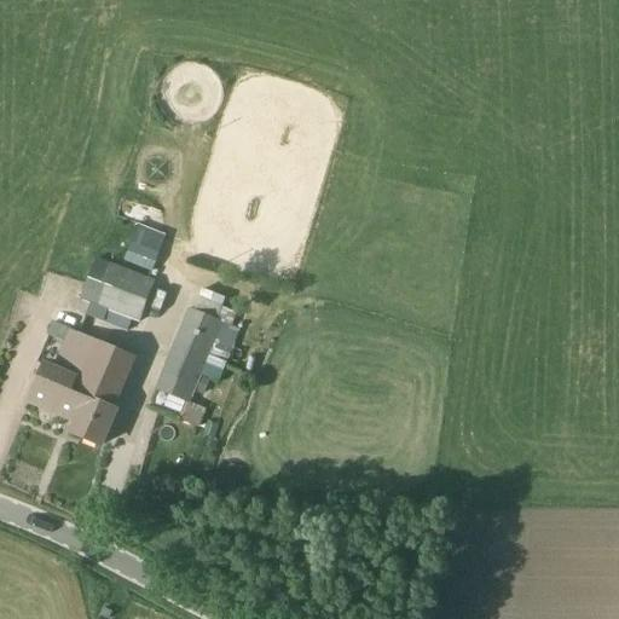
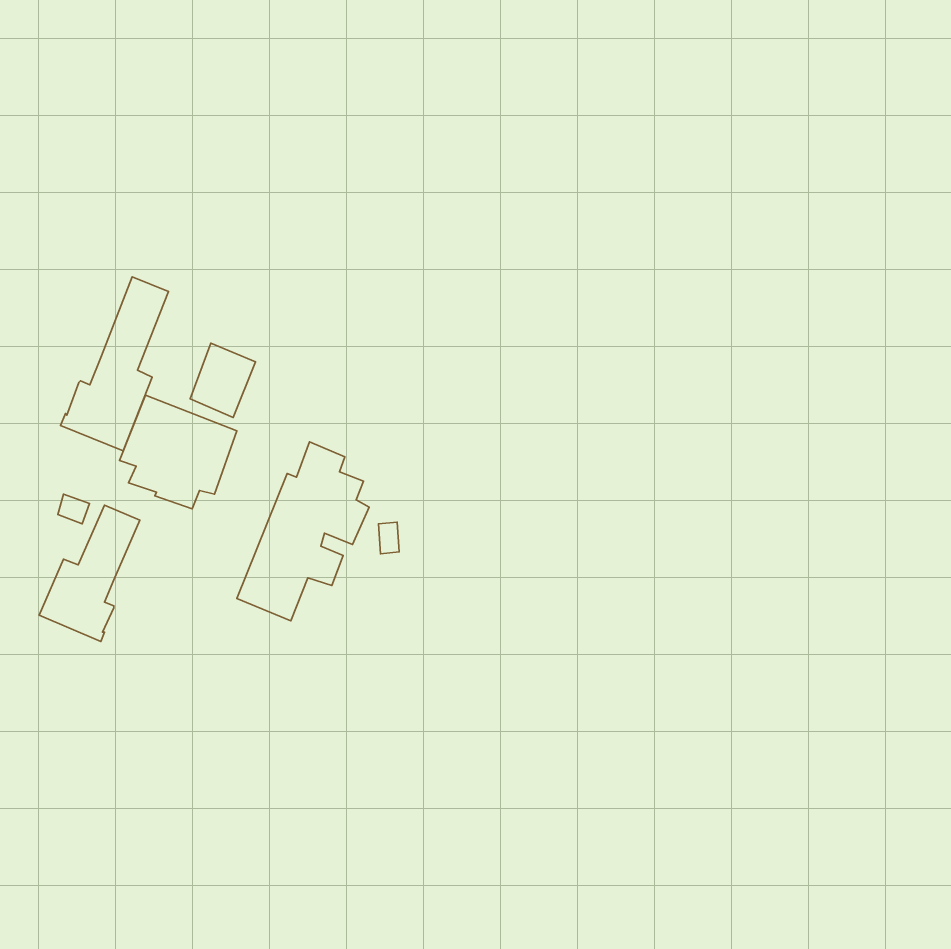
building: none -> [60,277,168,451]
building: [68,337,135,444] -> none

